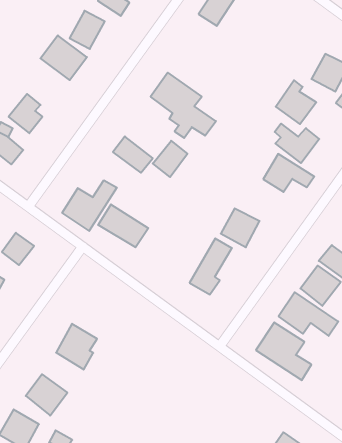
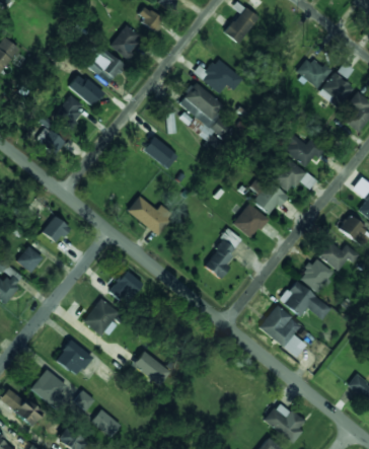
building: none -> [194,58,242,93]
building: none -> [69,73,102,105]
building: [276,80,316,124] -> [296,50,331,88]
building: [153,141,187,177] -> none
building: [62,180,117,231] -> none
building: none -> [252,180,287,215]
building: none -> [109,270,143,305]
building: none -> [132,351,169,385]

